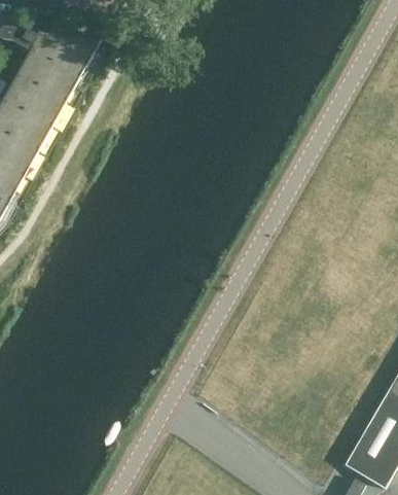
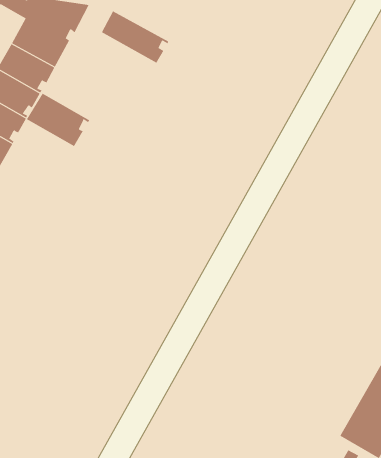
building: none -> [101,11,169,64]
building: none -> [26,93,90,147]

